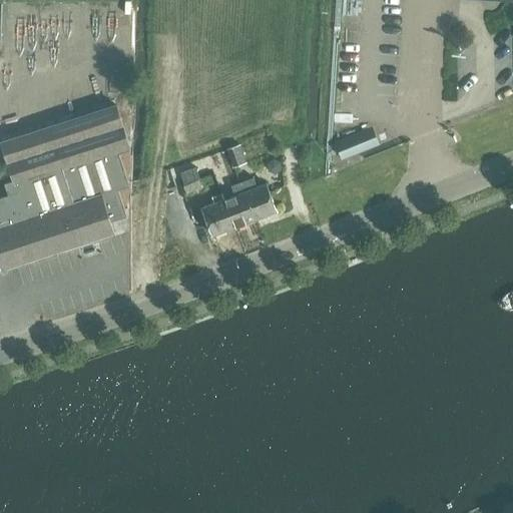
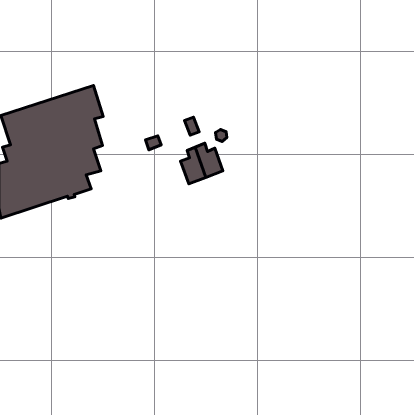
building: [334,129,373,159] -> none
building: [201,194,232,234] -> none

